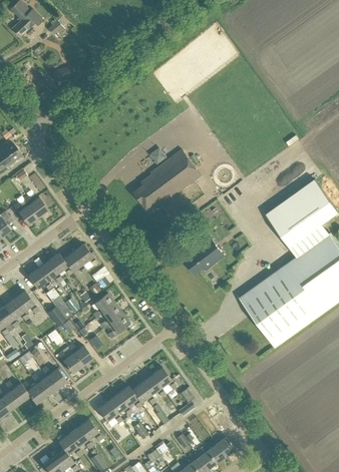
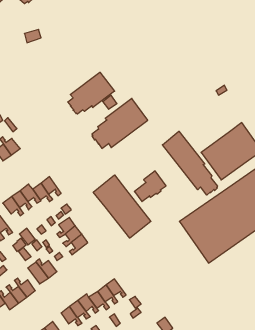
building: none -> [68,72,115,114]
building: none -> [162,131,217,195]
building: none -> [93,175,151,238]

